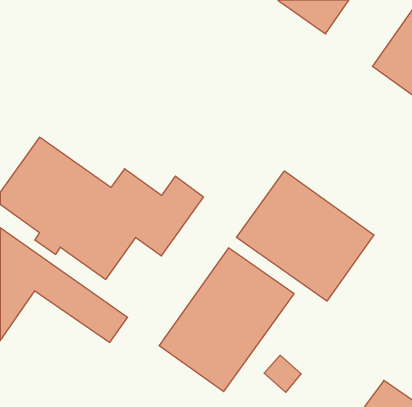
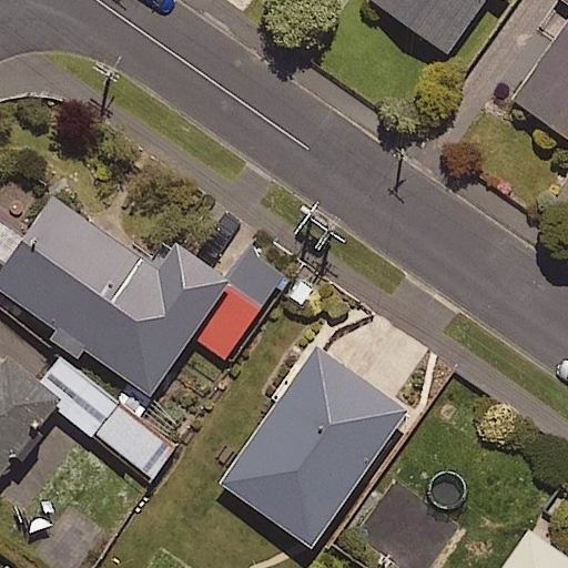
building: [237,171,374,301] -> none

